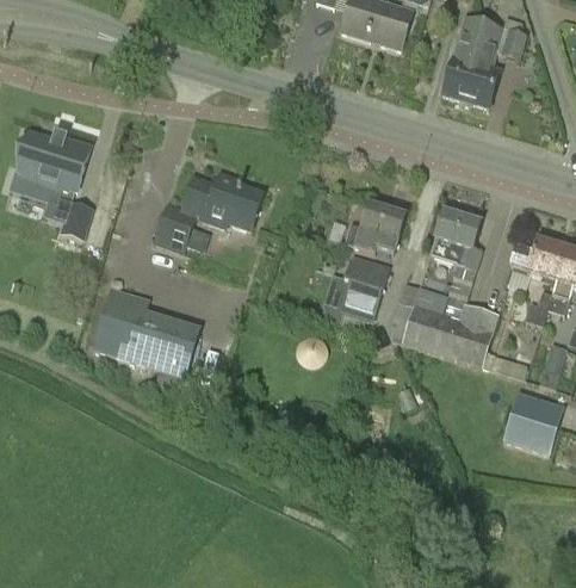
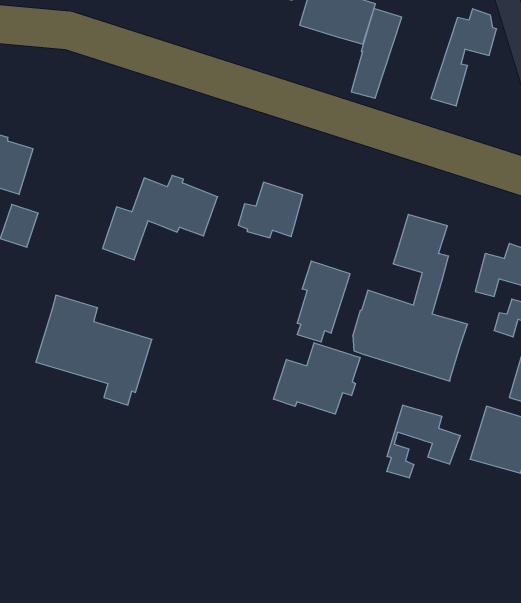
building: [442,14,490,99] -> [351,8,402,98]
building: [345,202,405,254] -> [238,182,303,238]
building: none -> [274,343,360,414]
building: none -> [387,405,460,478]

